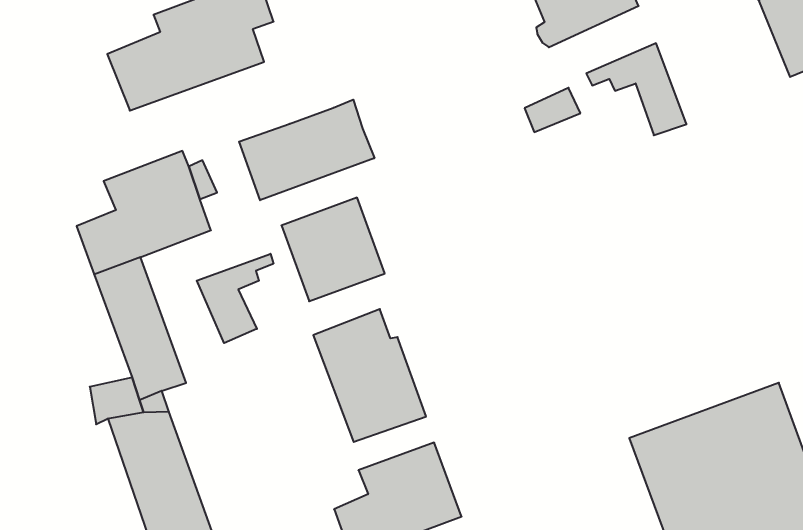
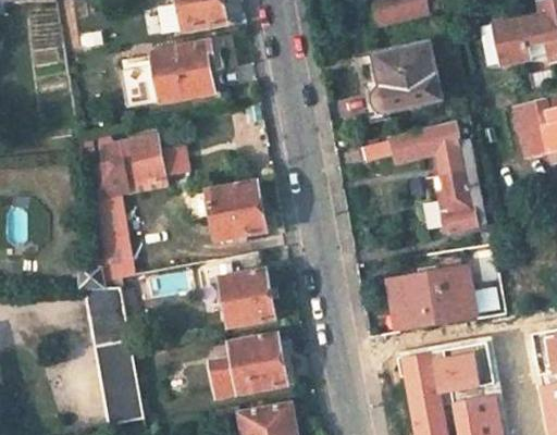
building: [239,100,374,200] -> none
building: none -> [438,173,479,231]
building: [197,254,273,343] -> none
building: none -> [388,266,476,328]

